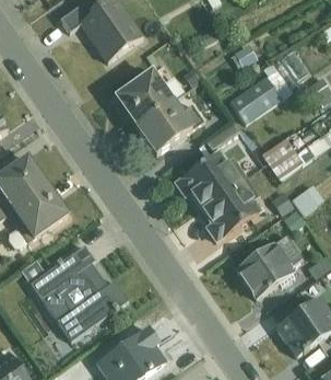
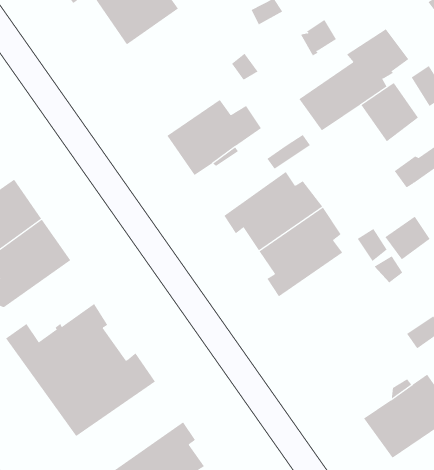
building: [116,70,185,126] -> none
building: [261,137,303,180] -> [361,82,419,142]
building: [236,234,302,299] -> none

